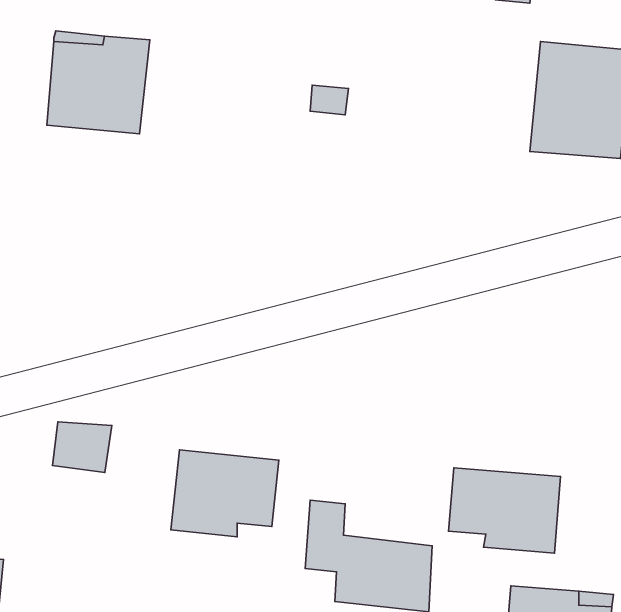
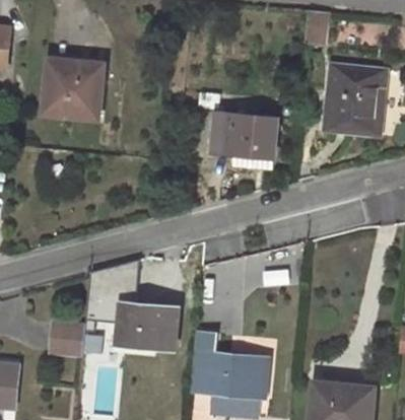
building: none -> [212,112,278,166]
building: [52,422,112,472] -> [52,324,86,353]
building: [449,468,560,553] -> none

